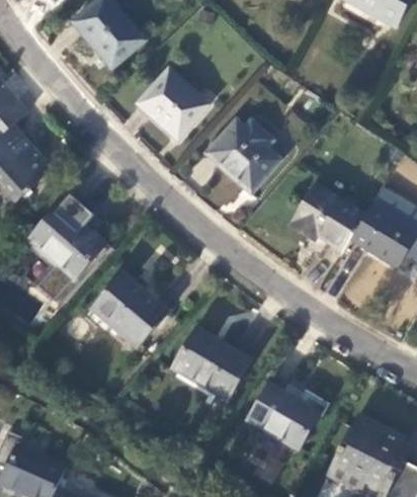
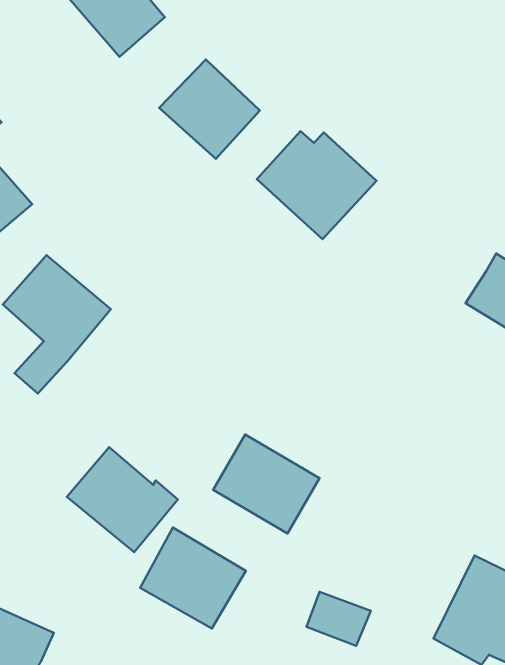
building: [289,185,364,251] -> none
building: [90,275,167,348] -> [67,447,178,552]
building: [249,386,317,447] -> none
building: none -> [140,527,246,628]

